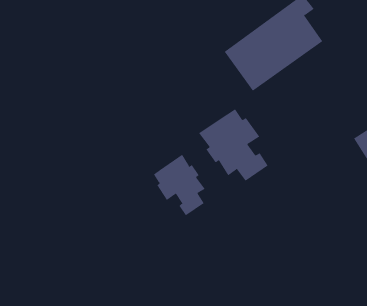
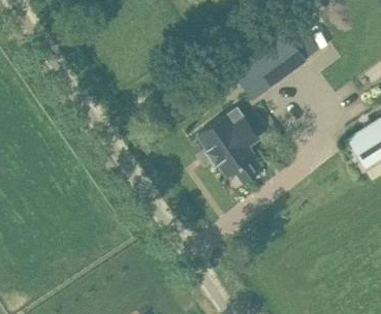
building: [153,154,205,216] -> none

